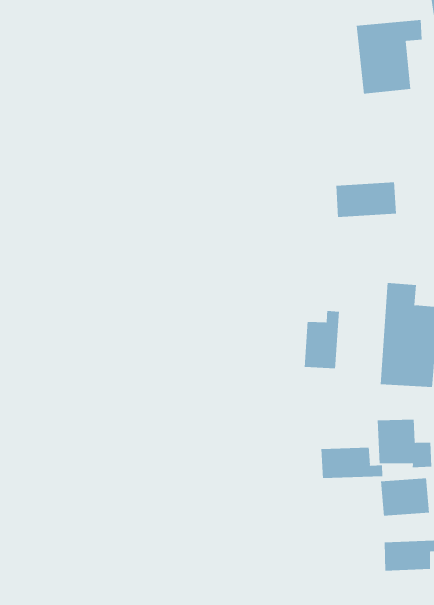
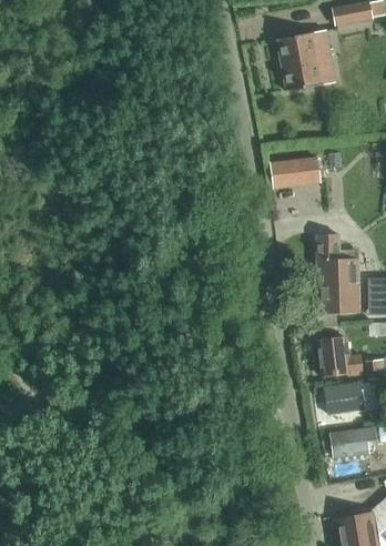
building: [304,310,340,369] -> none
building: [321,447,383,479] -> none

